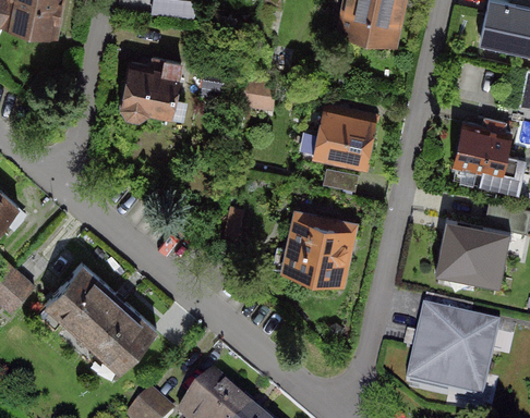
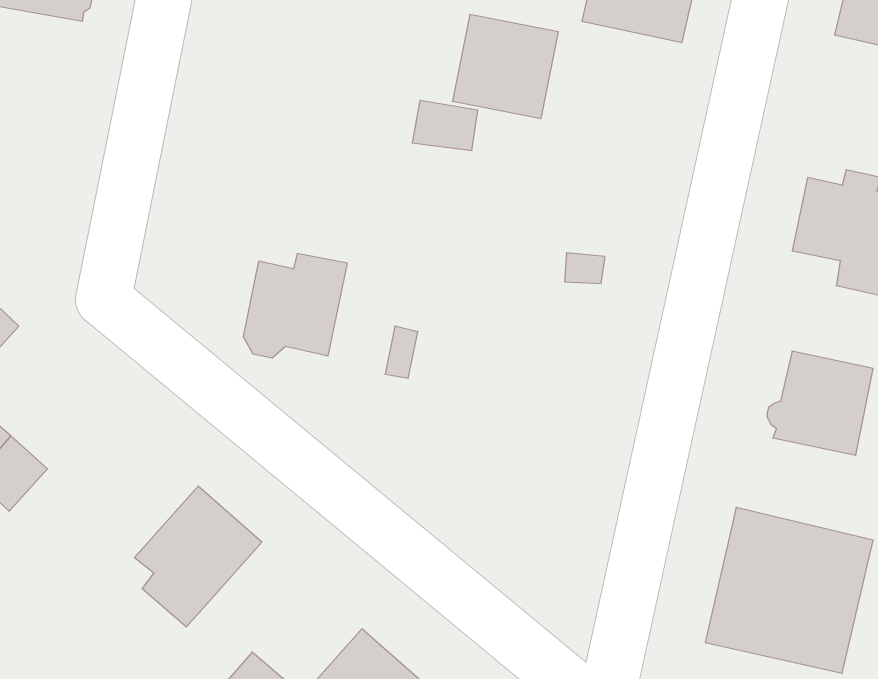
building: [122,59,181,118] -> [243,254,347,358]
building: [314,107,374,165] -> [452,14,558,119]
building: [287,224,350,285] -> none
building: [45,265,119,339] -> none

